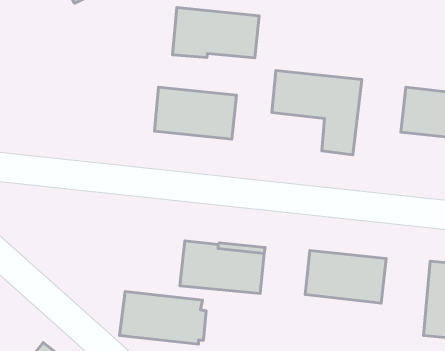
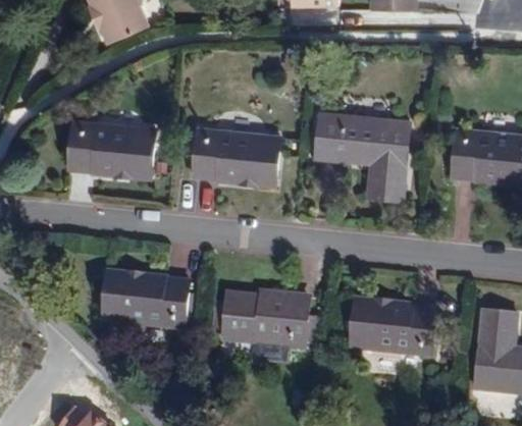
building: [172,7,259,58] -> none
building: none -> [69,122,154,176]
building: [119,291,206,344] -> [102,272,193,327]

